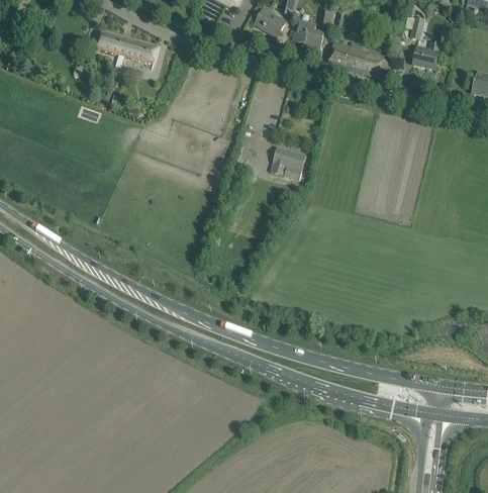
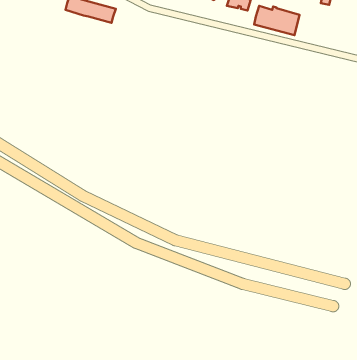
building: [412,40,438,68] -> none
building: [270,146,305,174] -> none

